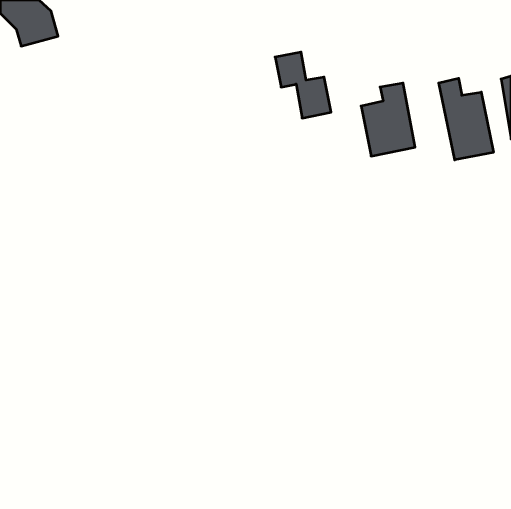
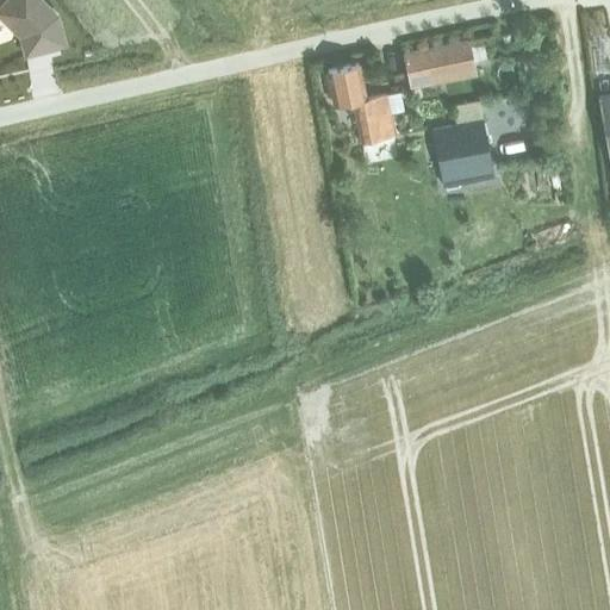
building: none -> [404,41,477,89]
building: [439,78,493,160] -> none

